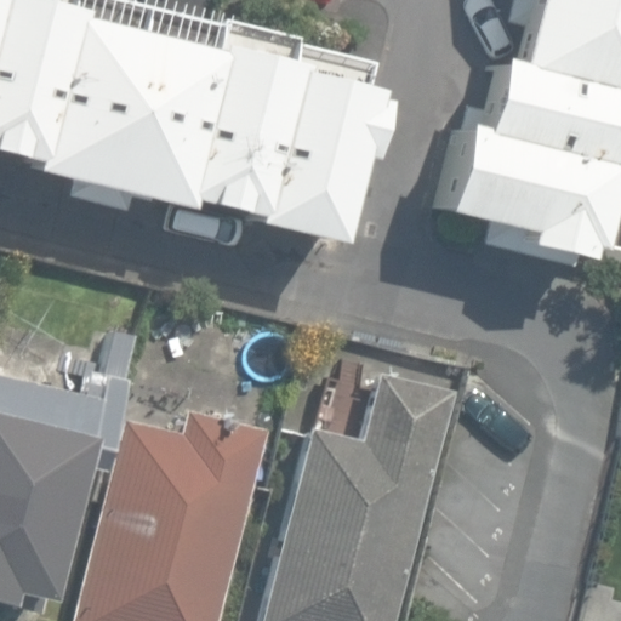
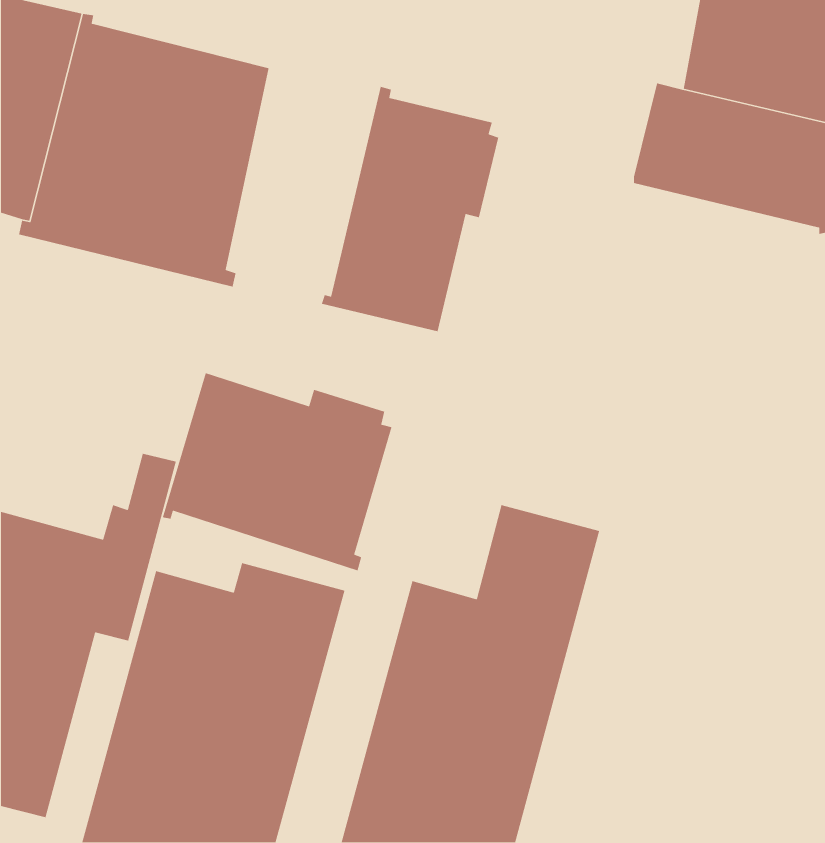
building: [181,44,294,217] -> none
building: [441,130,615,260] -> none
building: none -> [162,372,393,571]

